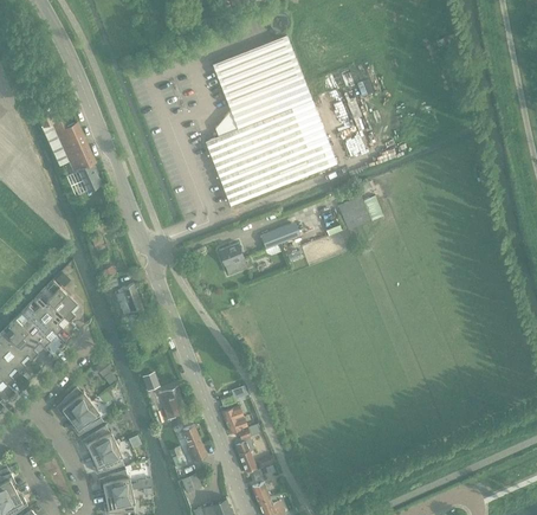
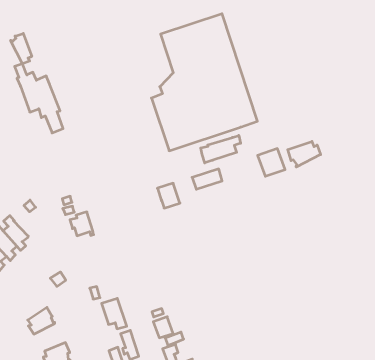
building: none -> [11,33,32,64]
building: none -> [201,135,241,163]
building: none -> [288,141,321,167]
building: [45,282,77,323] -> none
building: [56,386,91,419] -> none
building: [80,425,116,456] -> none

